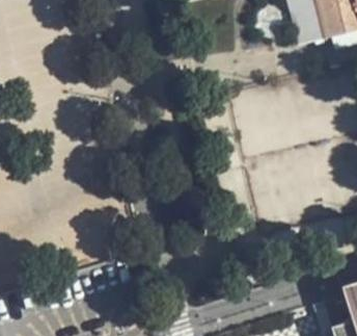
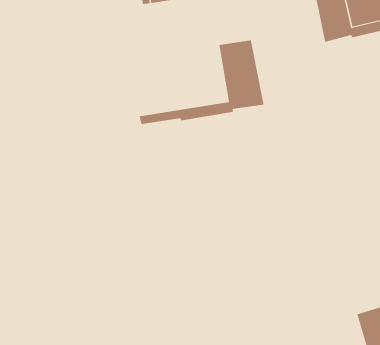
building: none -> [139,39,264,125]

